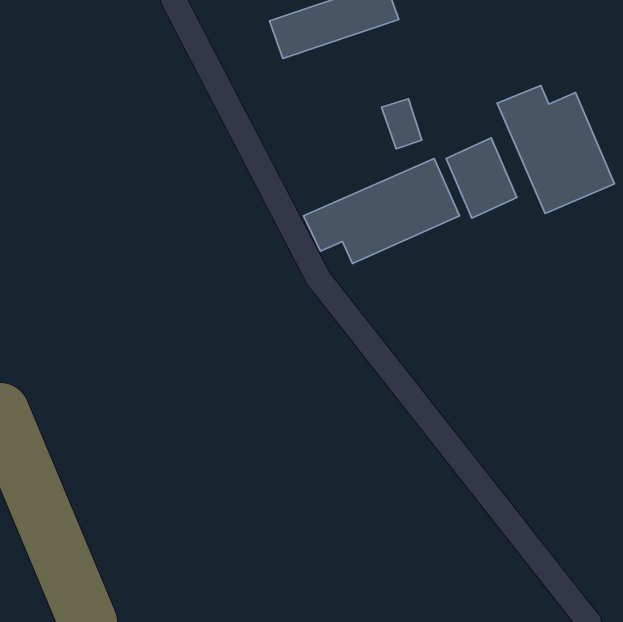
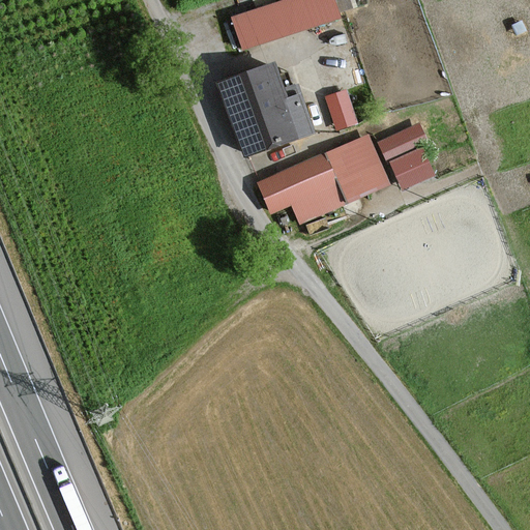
building: none -> [217,64,313,156]
building: [497,85,615,213] -> none

